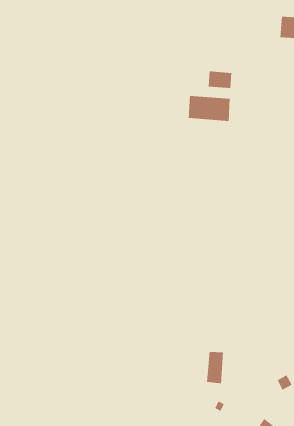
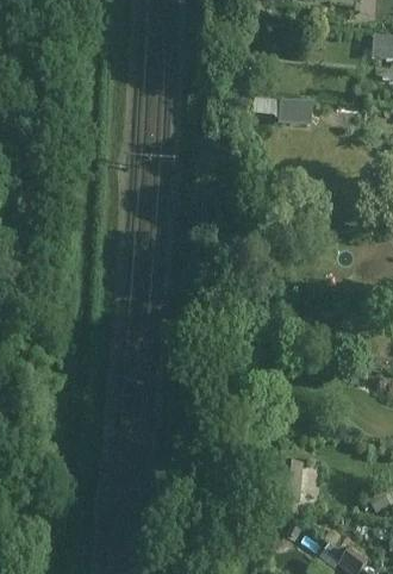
building: [188,95,230,122] -> none

